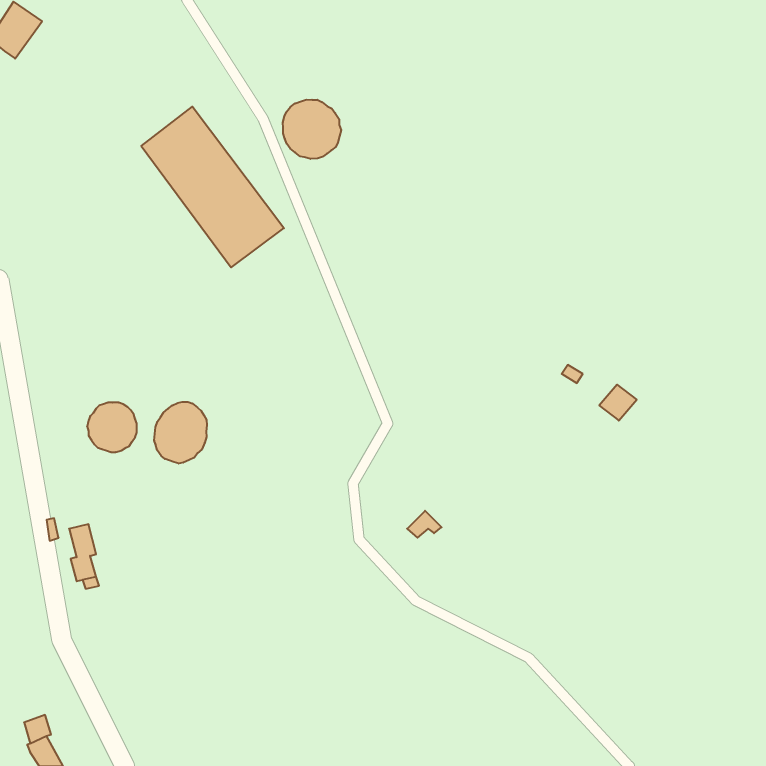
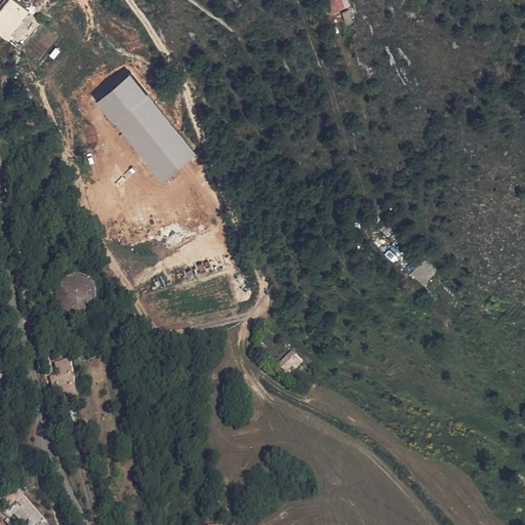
building: [283,100,341,159] -> none
building: [154,402,207,464] -> none

